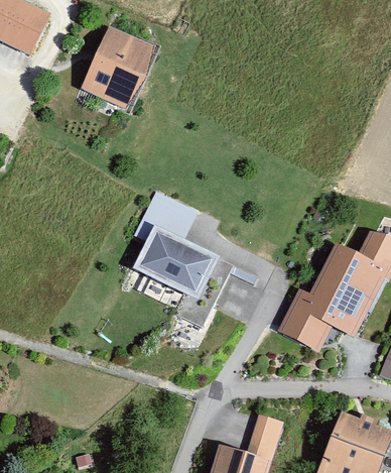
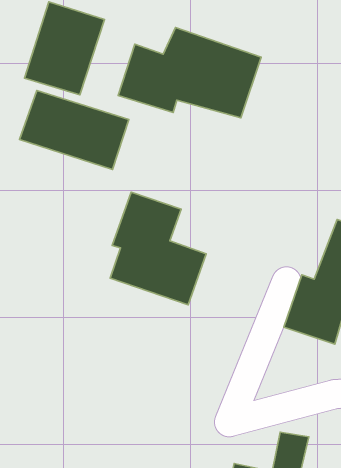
building: none -> [118,28,261,118]
building: none -> [19,90,129,169]

